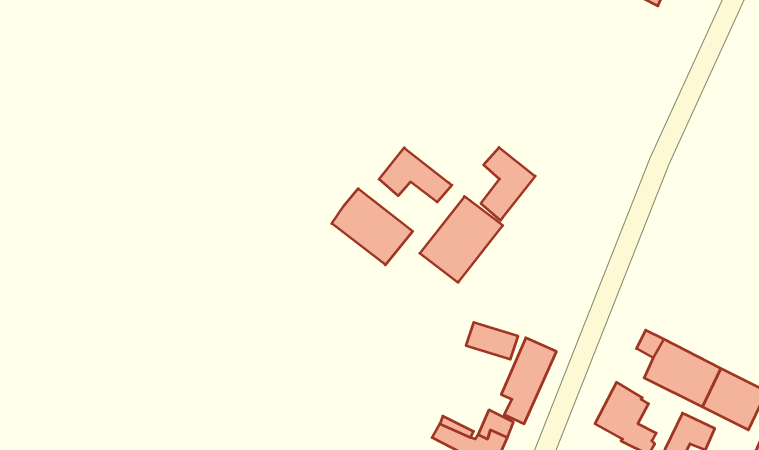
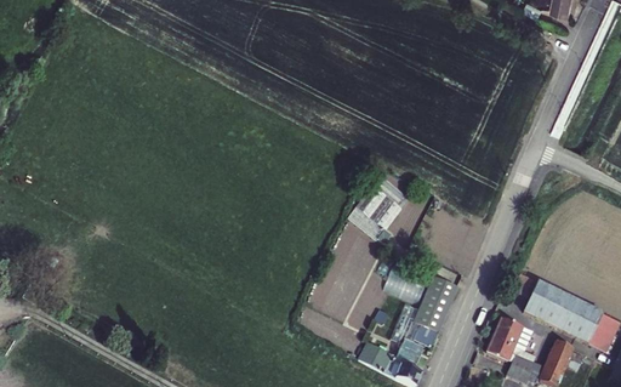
building: [481,147,535,220] -> none
building: [379,148,452,202] -> none
building: [332,189,413,265] -> none

